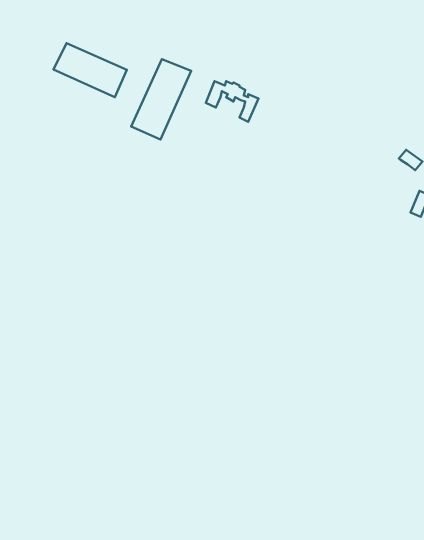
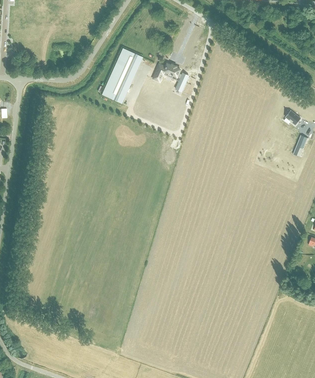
building: [53,43,127,97] -> none

